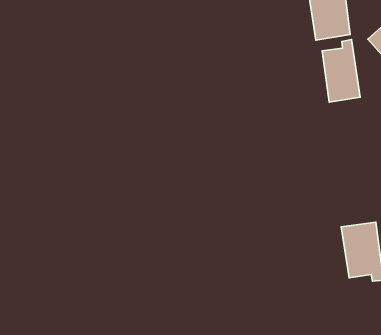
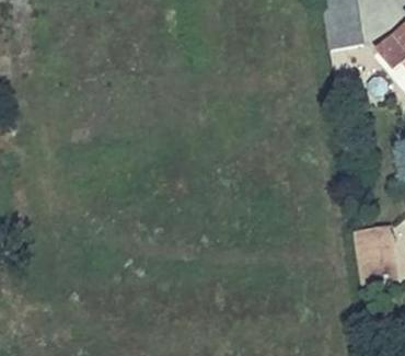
building: [322,40,360,102] -> none

